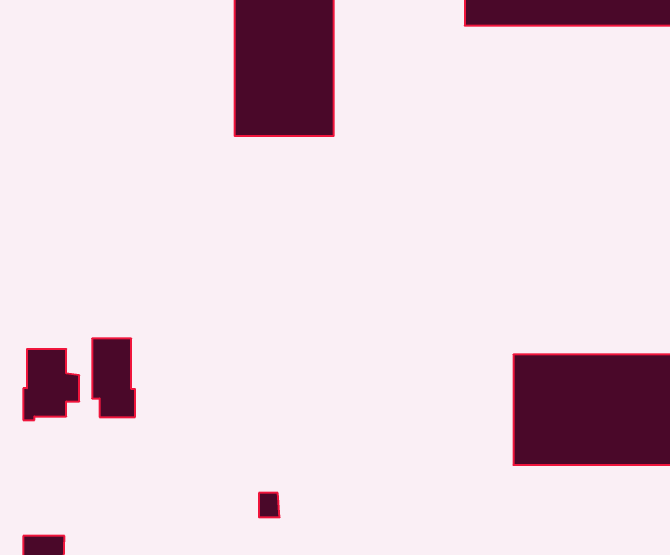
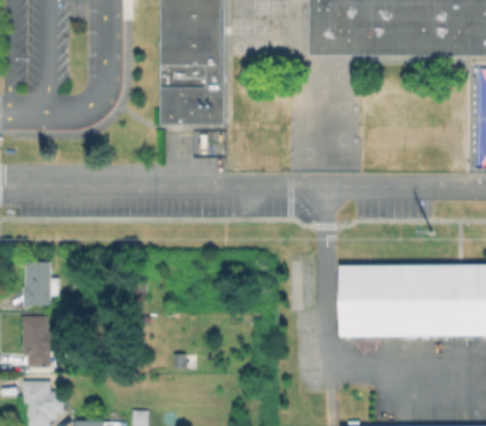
building: [92,339,135,417] -> [25,316,53,366]

